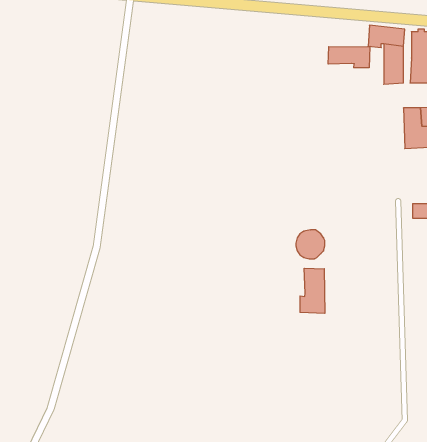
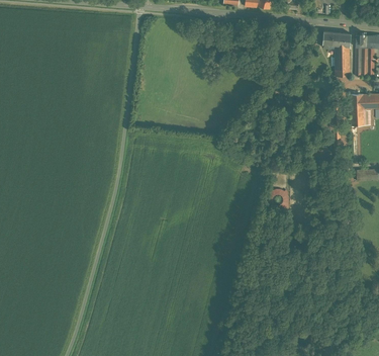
building: [328,46,370,68] -> none
building: [300,268,325,313] -> none

